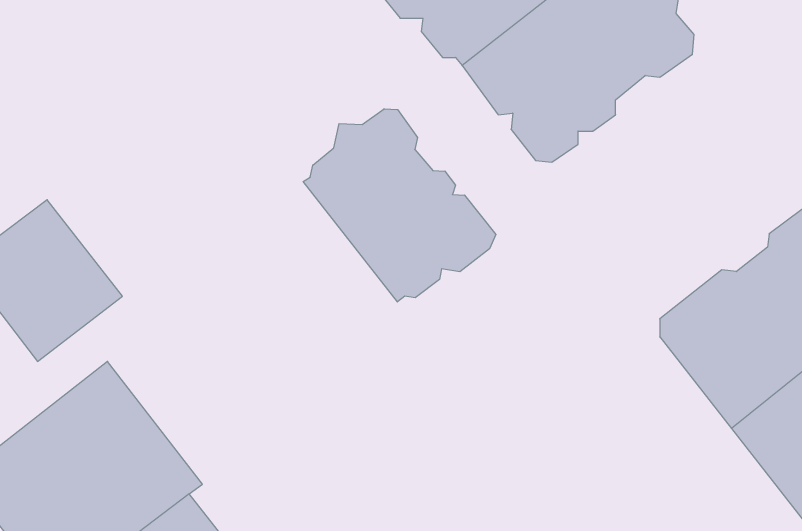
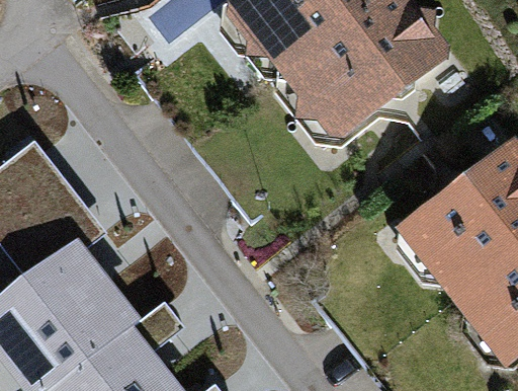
building: [303,109,496,302] -> none

